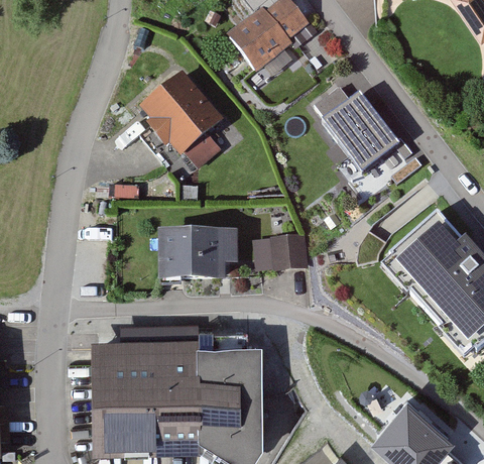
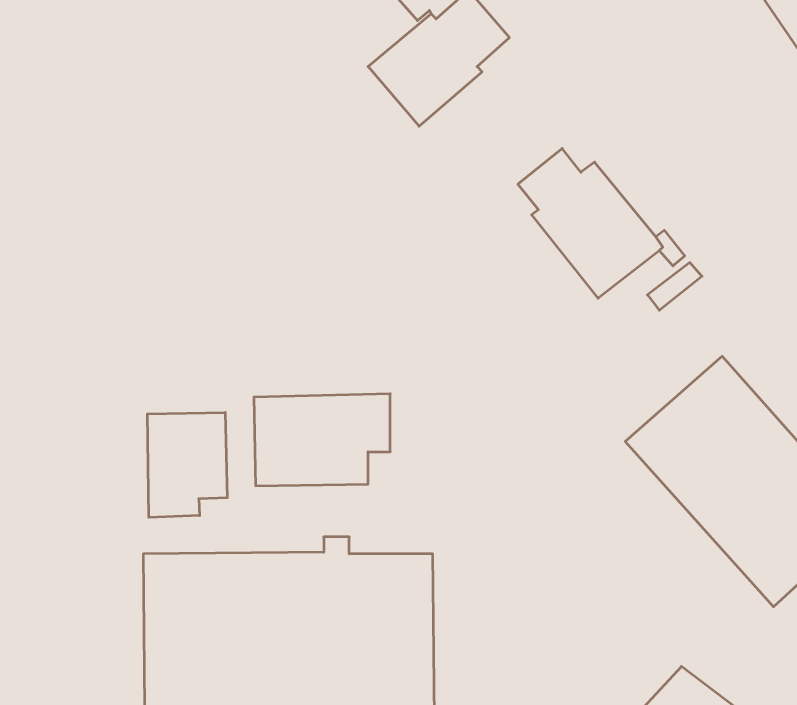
building: [140,76,223,168] -> none
building: [253,234,310,273] -> none
building: none -> [147,412,227,517]

